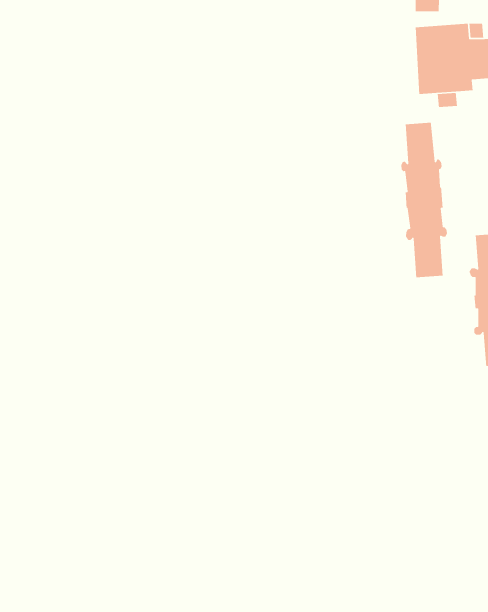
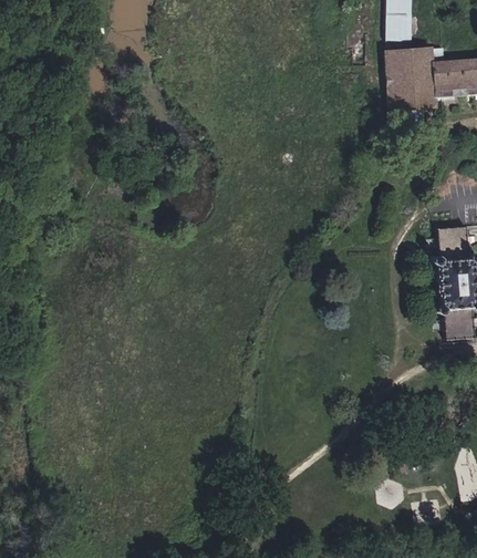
building: [400,122,448,278] -> none

